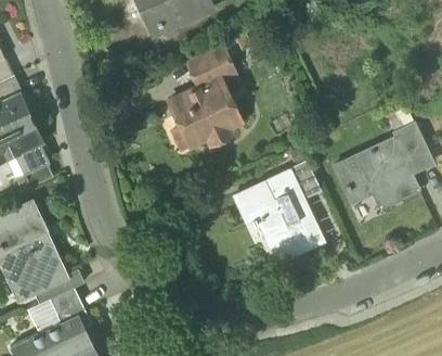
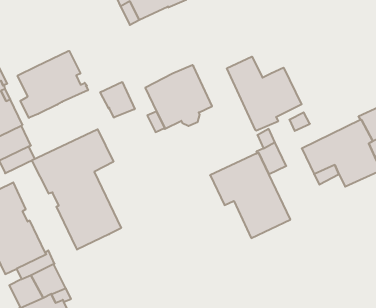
building: [187,44,235,87] -> none
building: none -> [18,51,88,118]
building: none -> [227,57,302,131]
building: none -> [100,82,135,118]
building: none -> [32,129,121,250]

